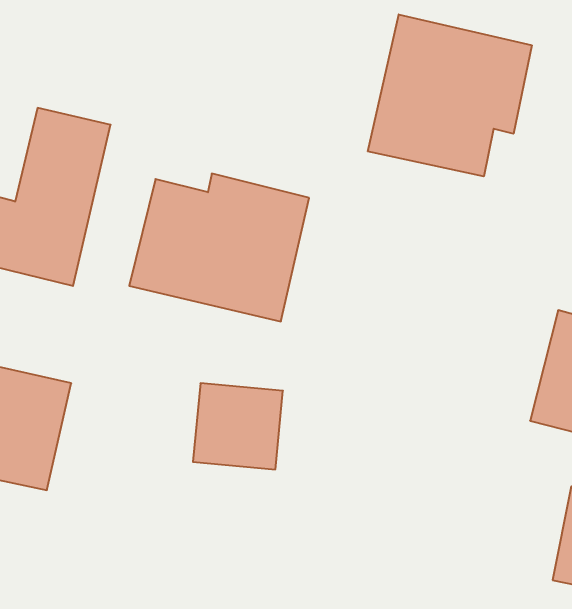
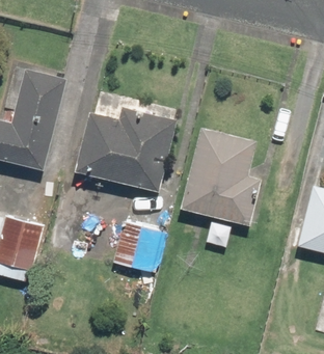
building: [368,14,532,176] -> none
building: none -> [182,127,262,255]

